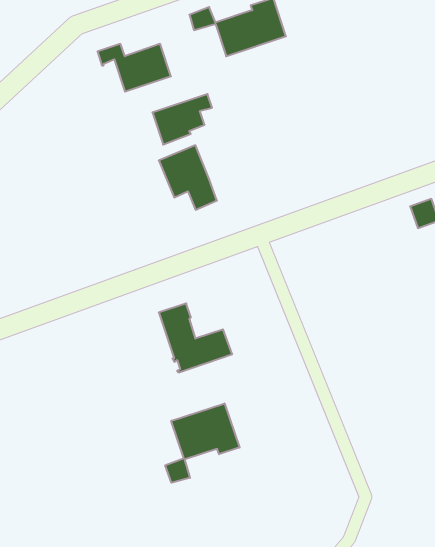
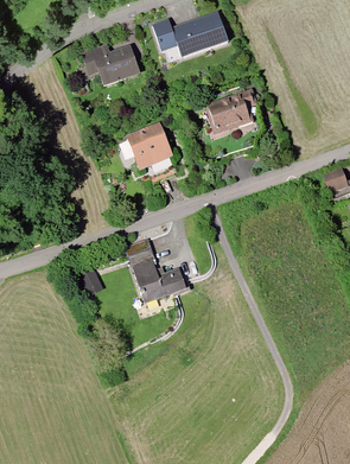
building: [152,94,212,145] -> [208,91,254,131]
building: [165,403,240,483] -> none

